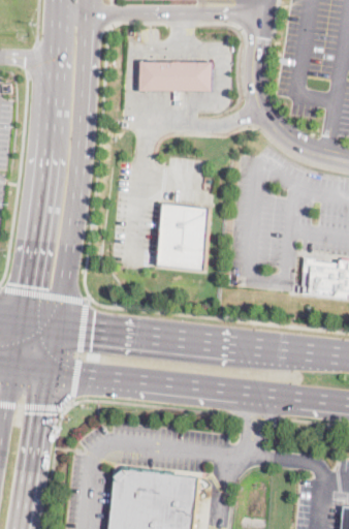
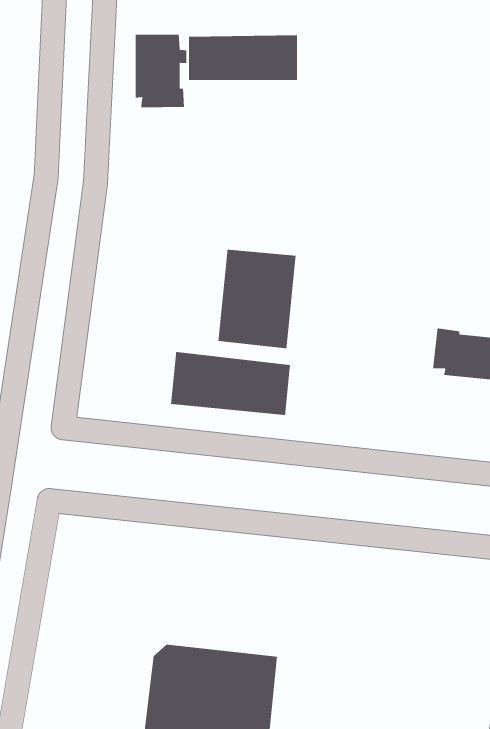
building: none -> [135,34,187,108]
building: none -> [170,351,291,416]

